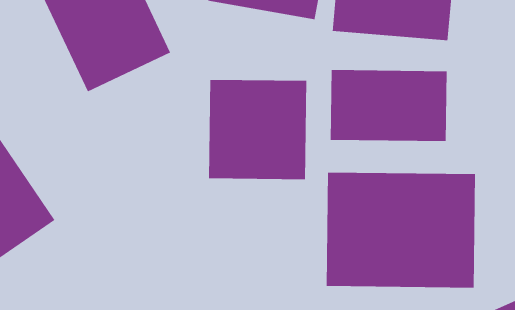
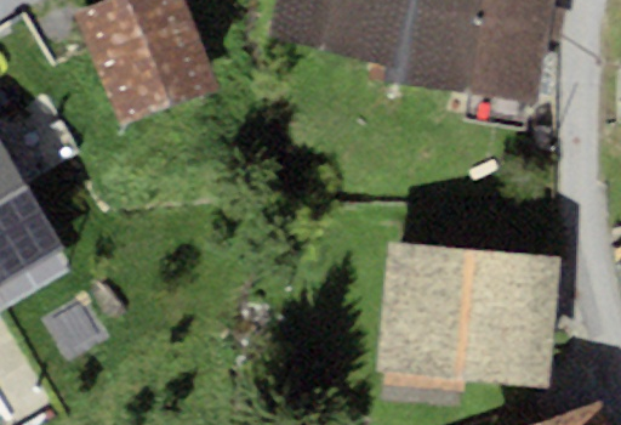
building: [330,69,447,142] -> none
building: [208,79,307,180] -> none

